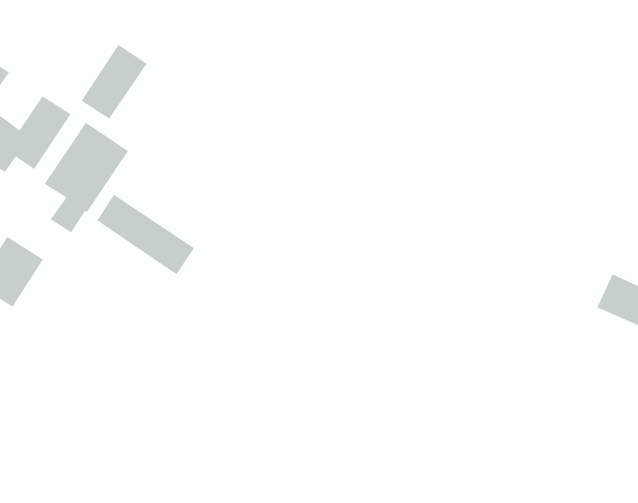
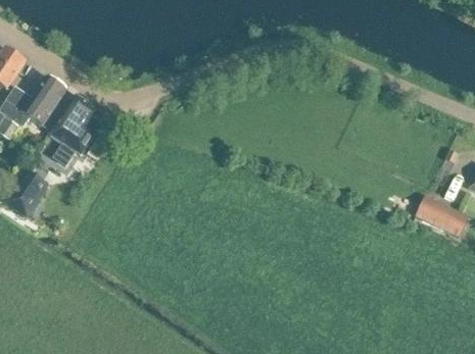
building: [81,44,148,119] -> none
building: [97,194,195,275] -> none

